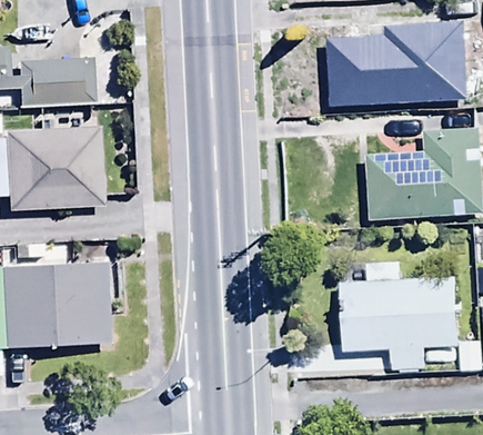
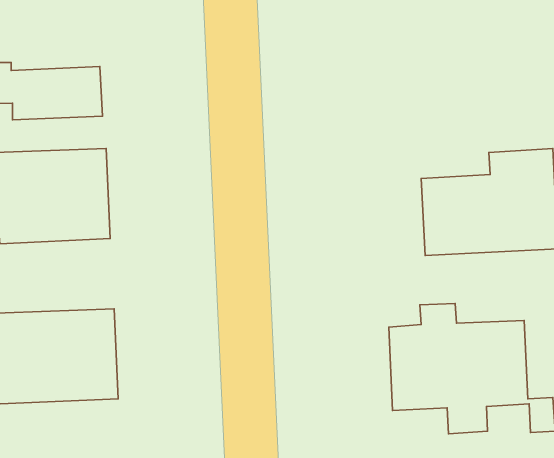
building: [329,21,466,106] -> none

